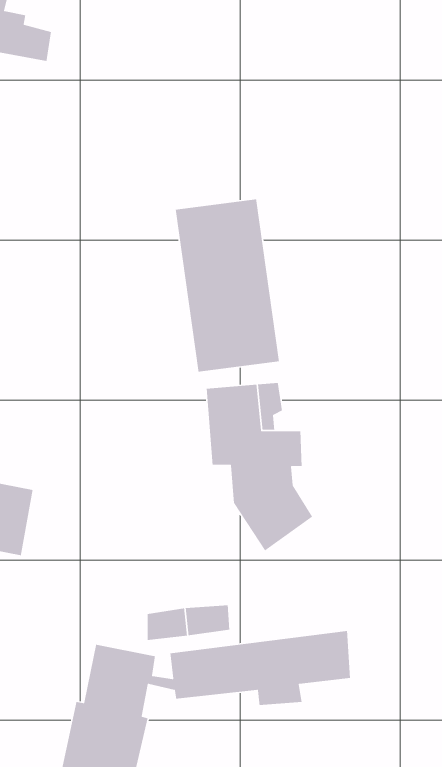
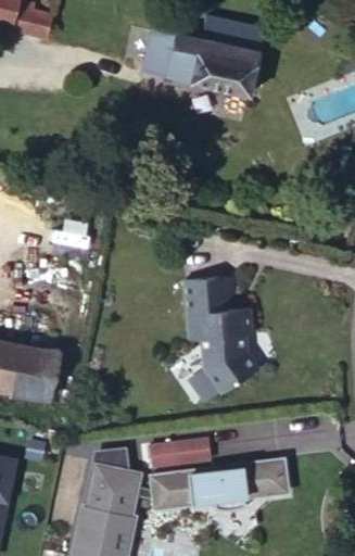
building: none -> [139,13,272,96]
building: [175,198,280,373] -> none

